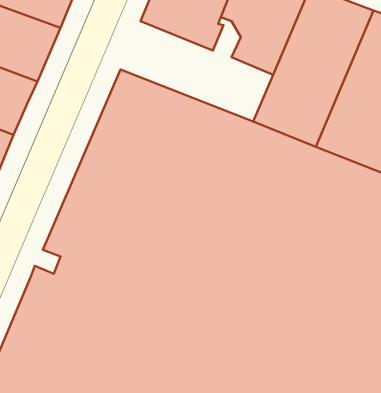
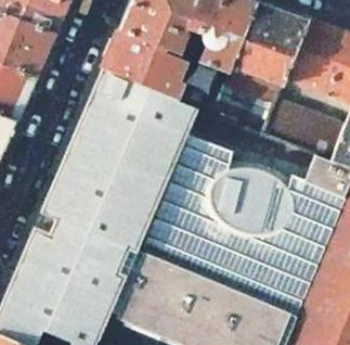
building: none -> [103,28,226,110]

